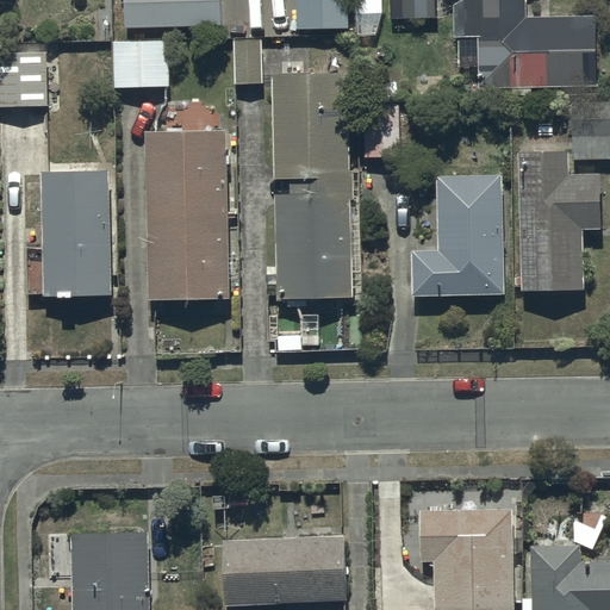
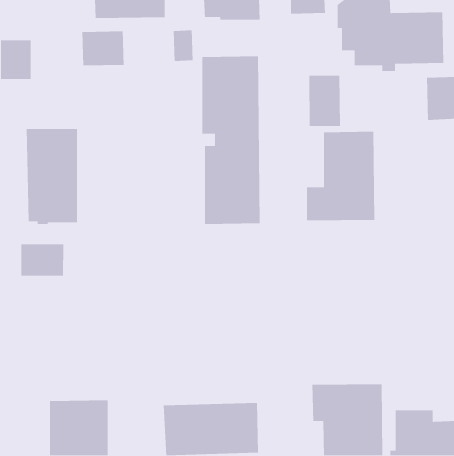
building: none -> [308,75,341,127]
building: [145,131,228,299] -> none
building: [518,152,602,292] -> none
building: none -> [20,243,64,277]

